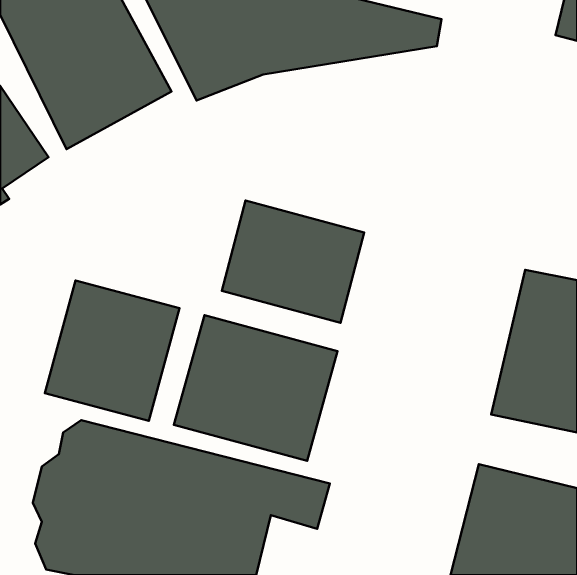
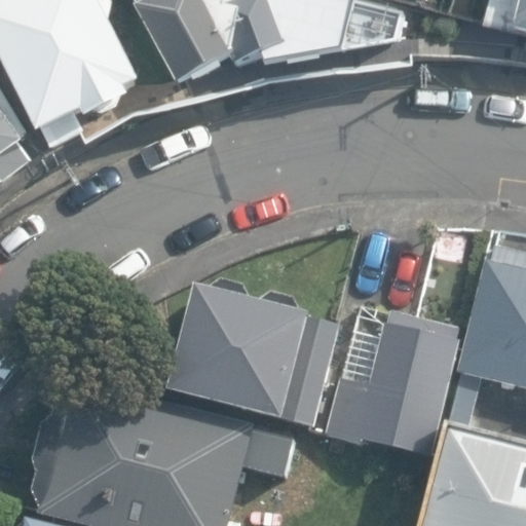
building: [222,200,364,323] -> none
building: [45,281,179,421] -> none
building: none -> [303,317,439,455]

